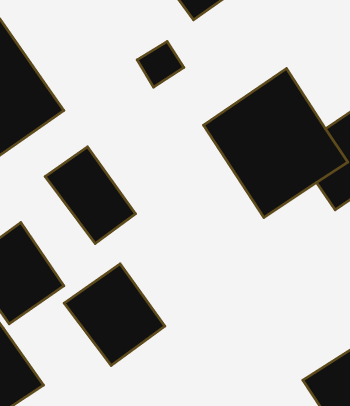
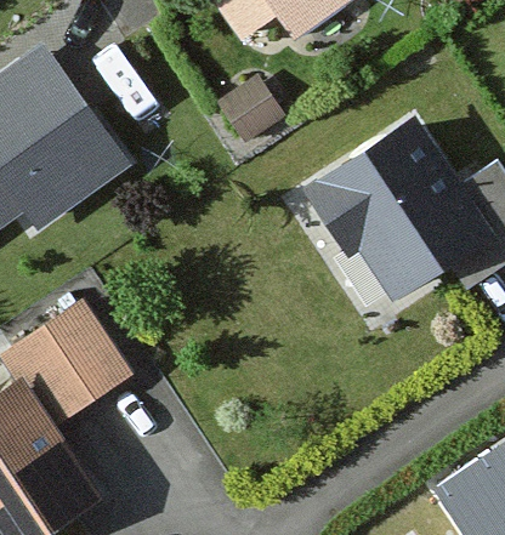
building: [45,147,135,244] -> none
building: [64,264,165,365] -> none

